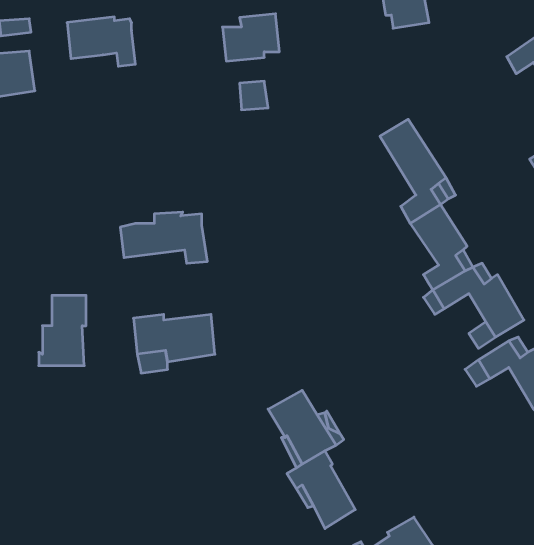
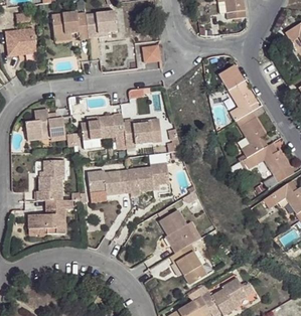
building: [222,14,279,61] -> [87,12,117,37]
building: none -> [26,110,65,140]
building: none -> [124,122,157,145]
building: none -> [129,163,168,194]
building: none -> [29,197,71,233]

